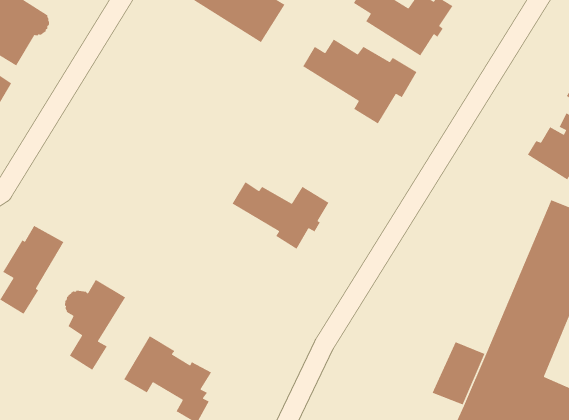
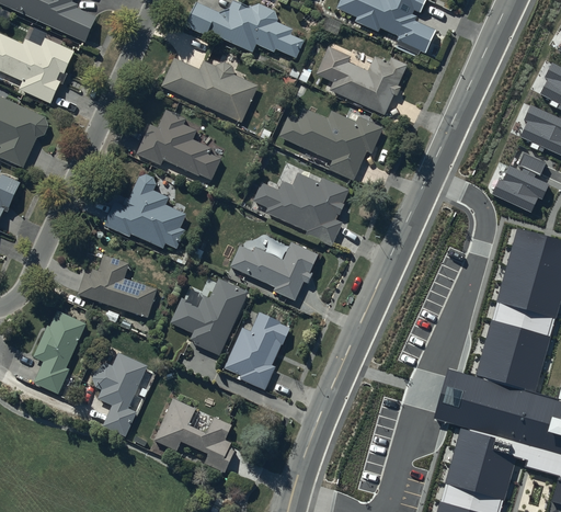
building: none -> [135,109,221,179]
building: none -> [104,174,186,248]
building: none -> [254,175,350,248]
building: none -> [77,253,156,317]
building: none -> [171,277,247,354]
building: none -> [224,311,288,389]

